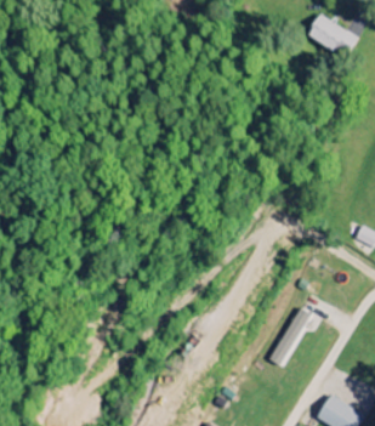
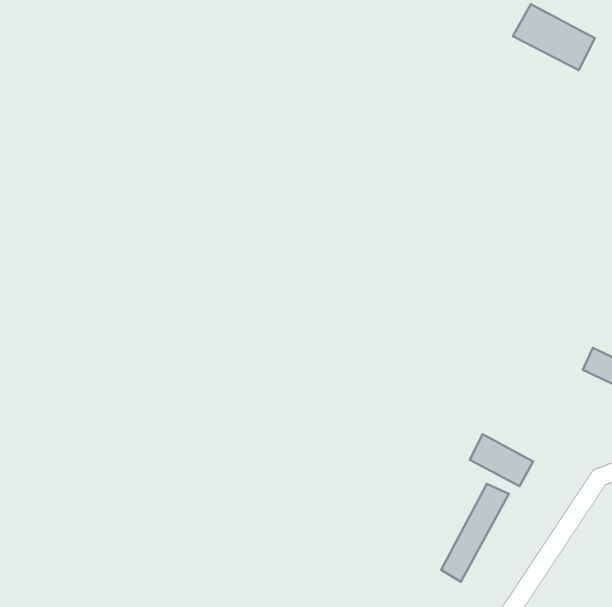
building: none -> [470,434,533,486]

